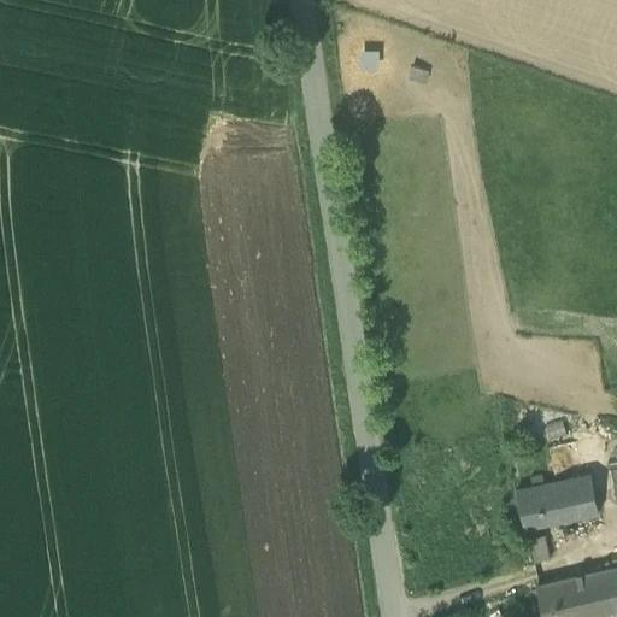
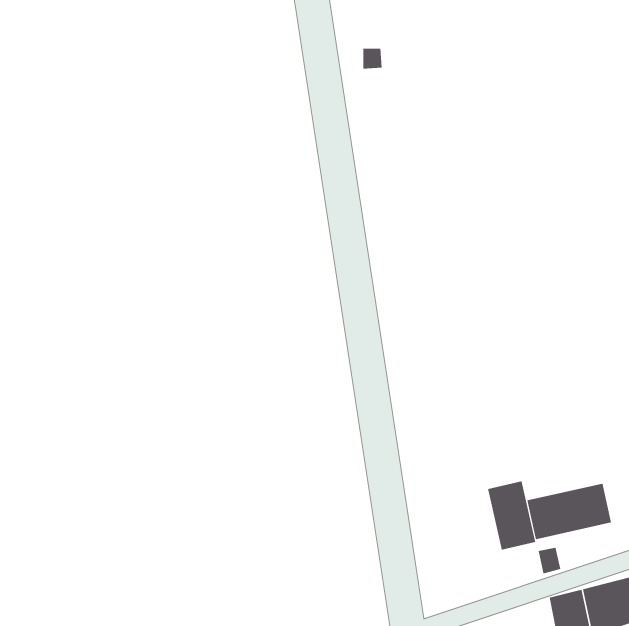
building: none -> [487,481,536,550]

